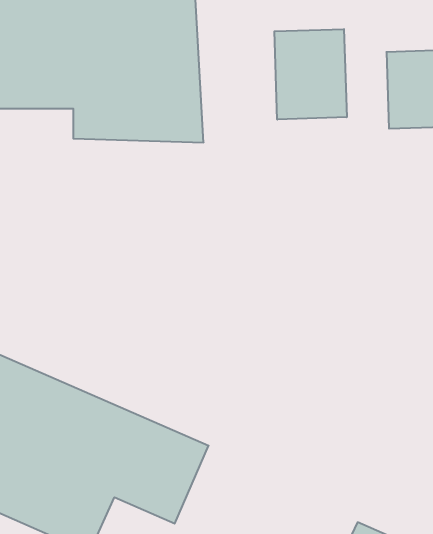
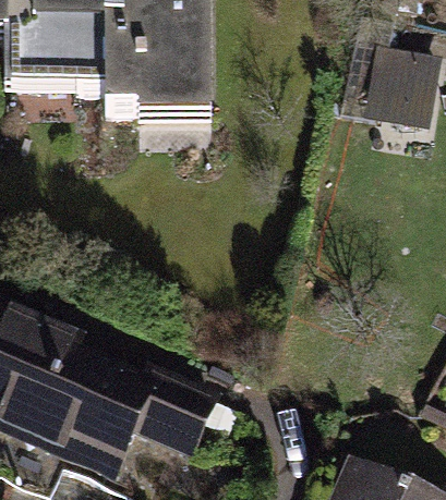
building: [274,29,347,120] -> none

